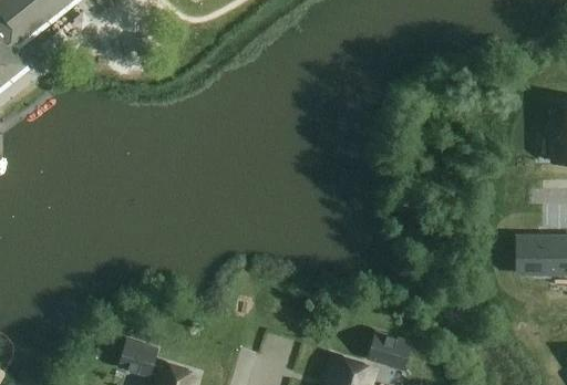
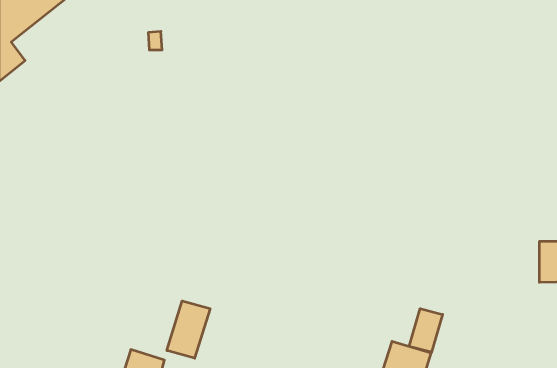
building: none -> [167,301,210,358]
building: none -> [409,309,443,352]

